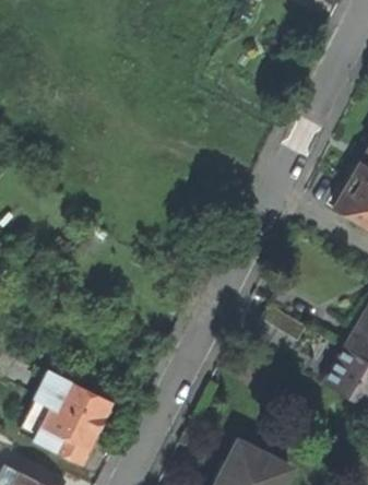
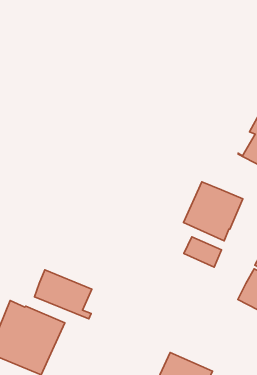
building: none -> [183,182,243,241]
building: none -> [34,270,92,319]

